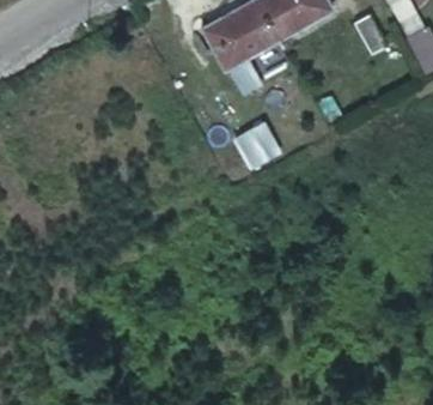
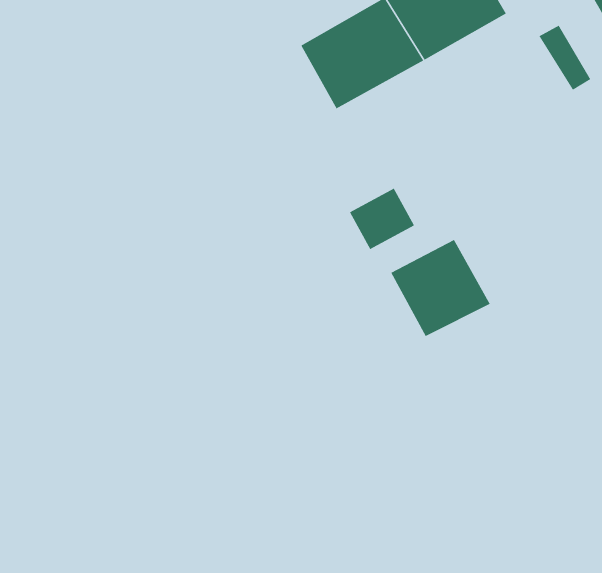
building: none -> [391,239,490,337]

